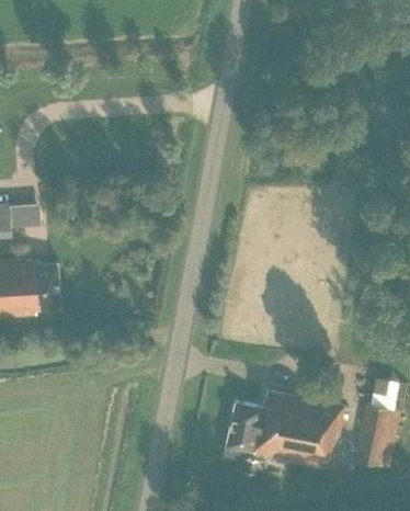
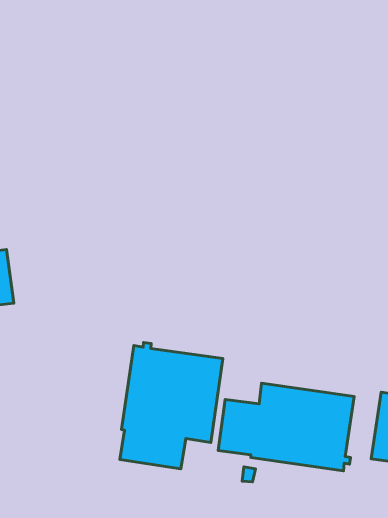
building: none -> [120,342,223,469]

